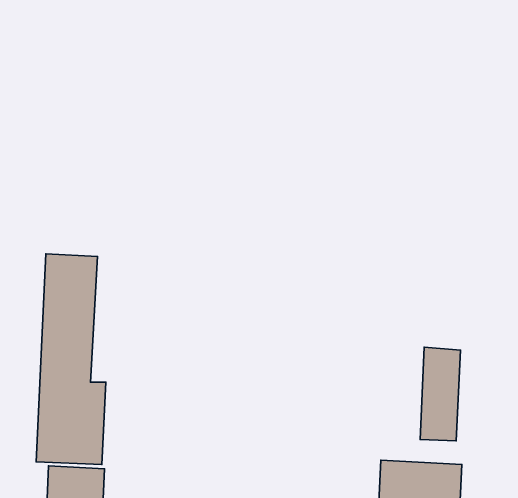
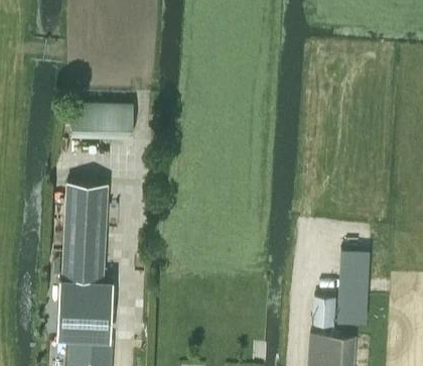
building: none -> [70,104,134,140]
building: none -> [311,297,336,328]

